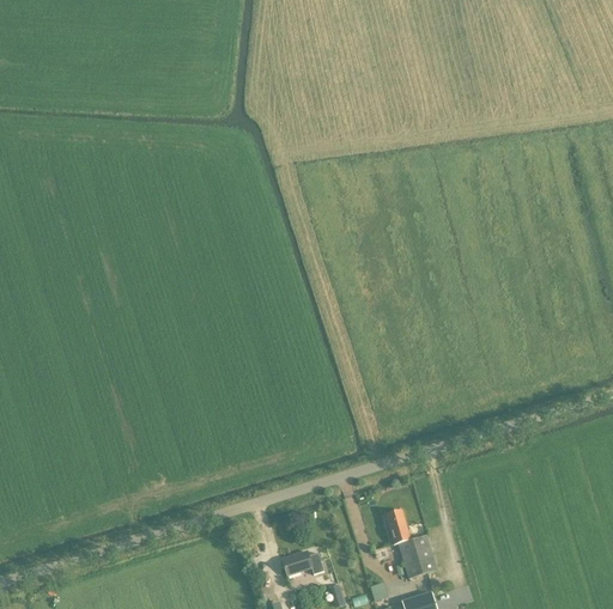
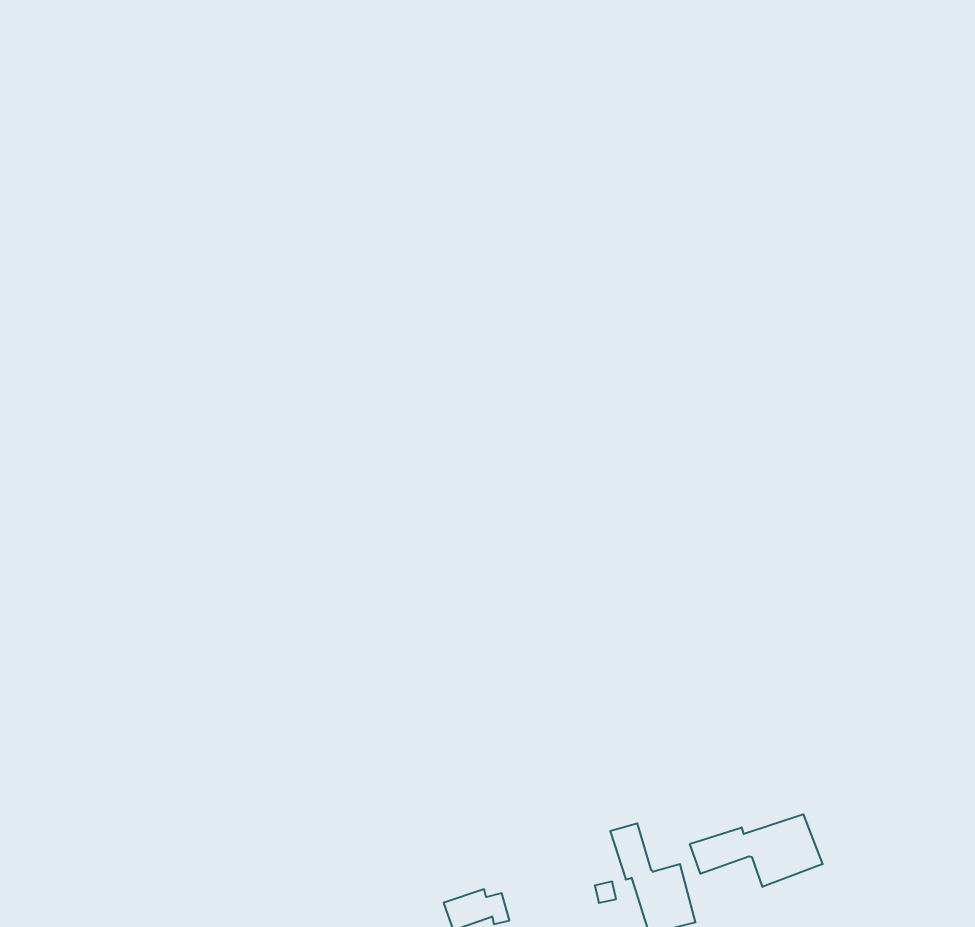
building: none -> [690,814,823,887]

